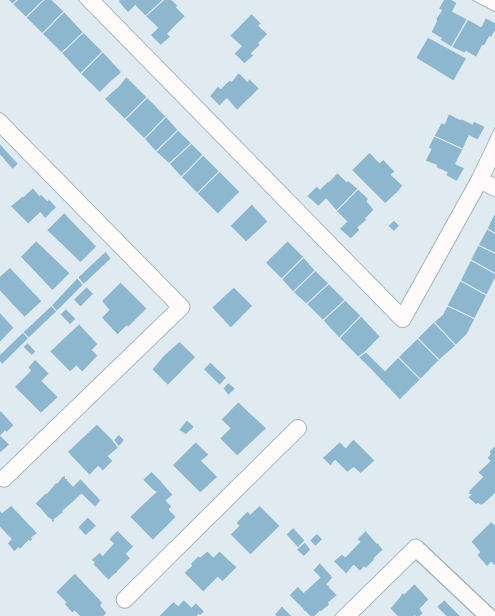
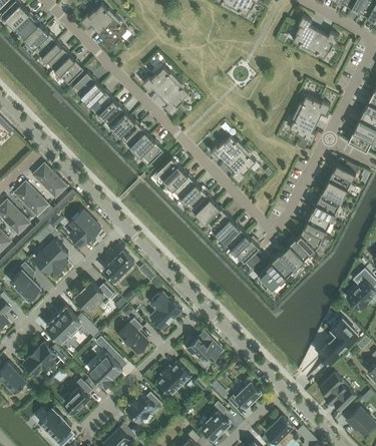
building: [229,14,268,64] -> [161,79,187,113]
building: [416,37,467,81] -> none
building: [352,152,403,204] -> none
building: [10,188,57,224] -> none
building: [212,287,253,328] -> [167,169,196,197]
building: none -> [75,282,113,312]
building: [322,438,375,474] -> [185,336,222,360]

